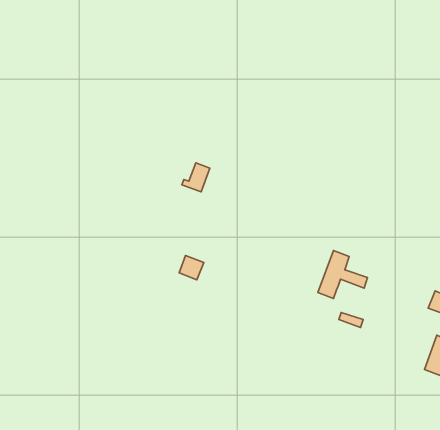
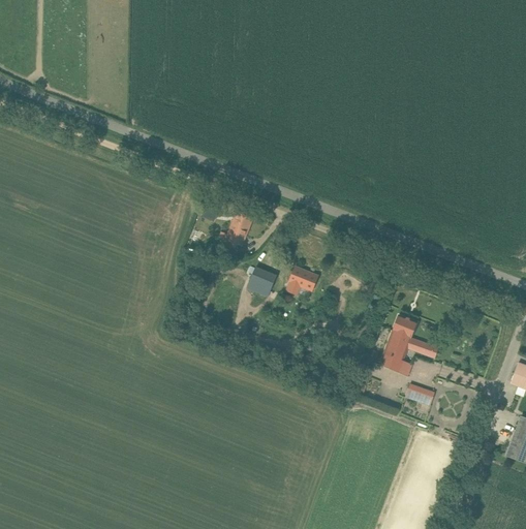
building: none -> [287,266,318,293]
building: [179,255,204,280] -> [248,268,277,297]

